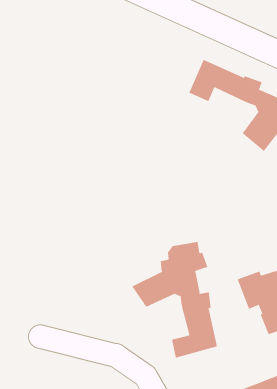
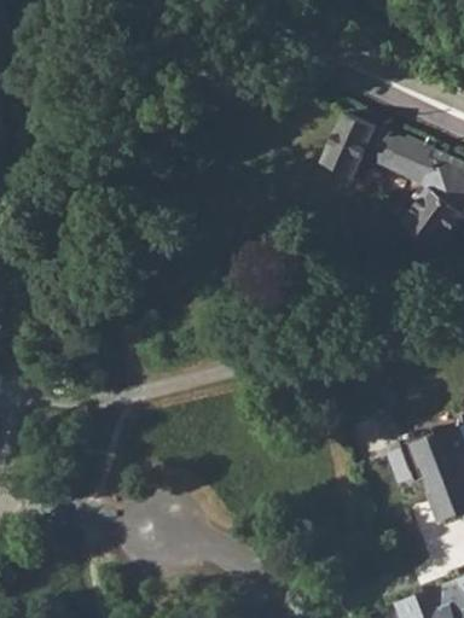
building: [131,241,218,359] -> none

